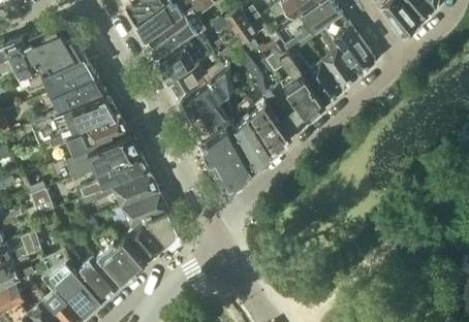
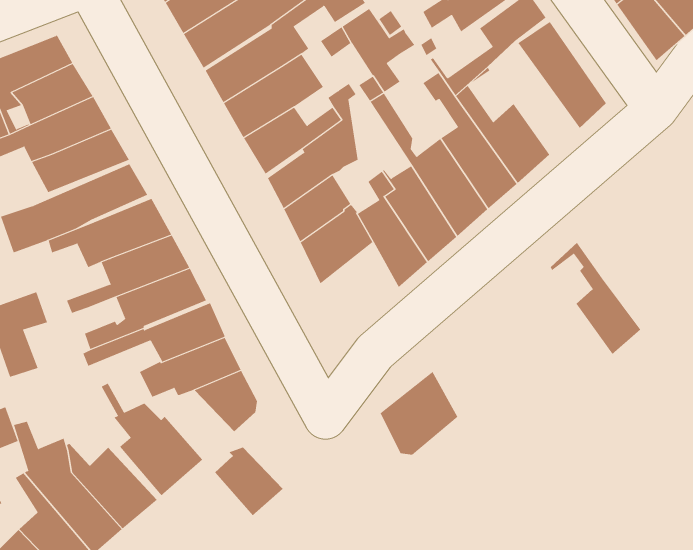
building: [307,25,358,89] -> [550,242,641,355]
building: [212,138,256,186] -> [380,371,458,455]
building: [124,222,163,261] -> [214,447,283,516]

